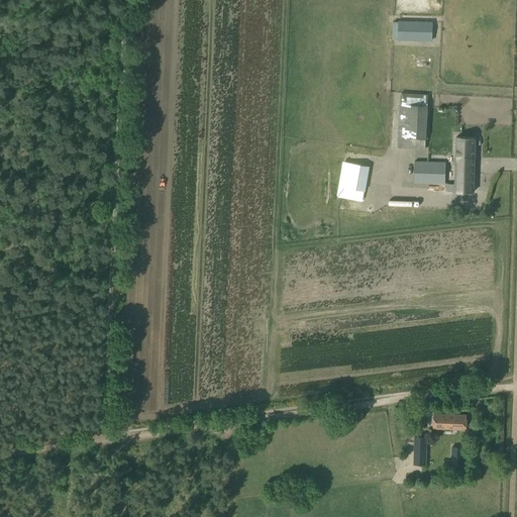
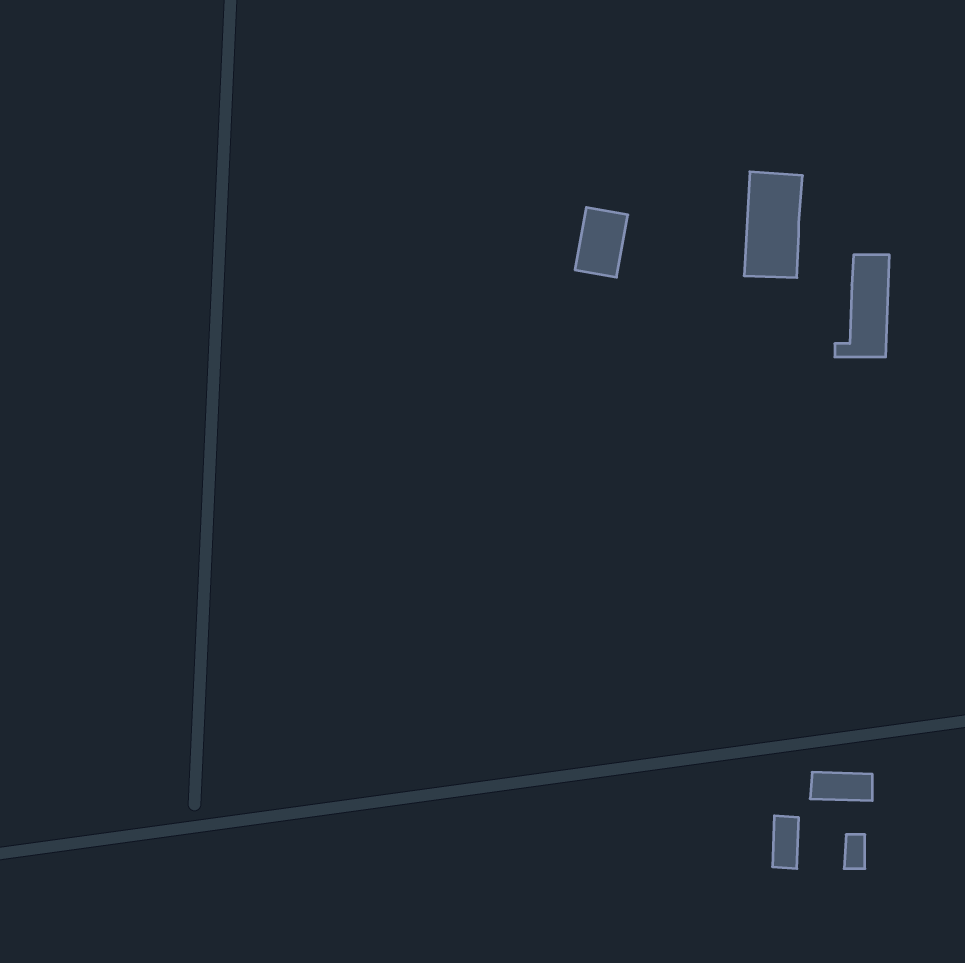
building: [399,22,433,41] -> none
building: [412,161,444,183] -> none
building: [337,162,366,199] -> [575,207,628,277]

